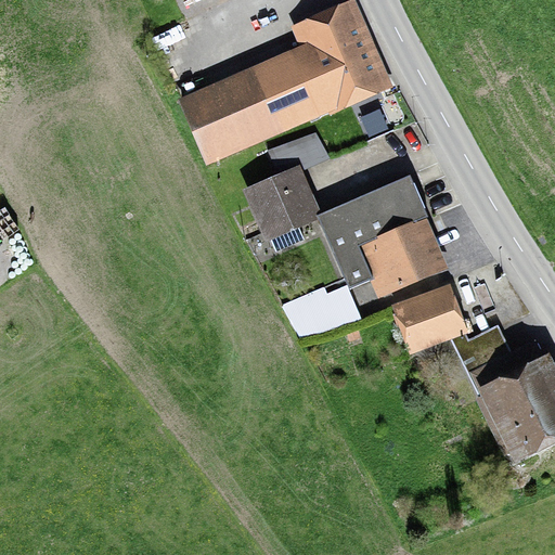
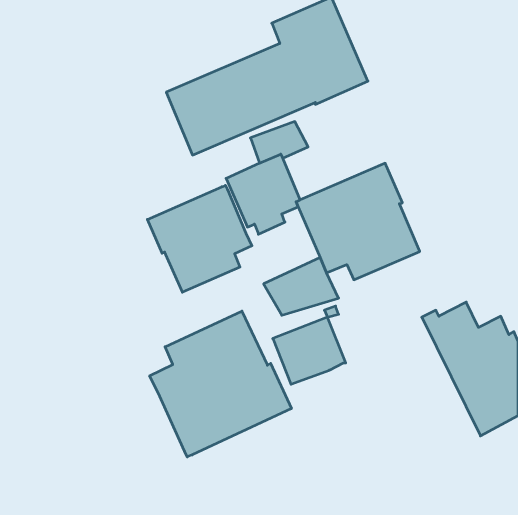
building: none -> [147,185,252,292]
building: [390,283,468,354] -> [273,317,346,384]
building: none -> [150,311,291,457]

